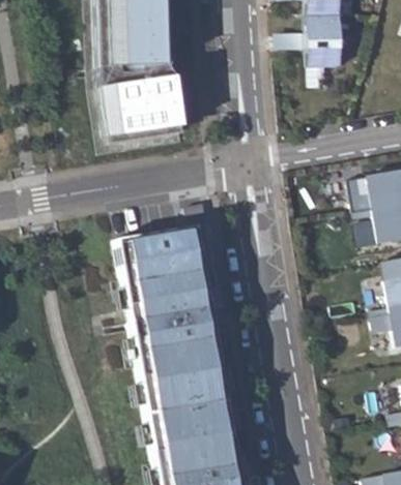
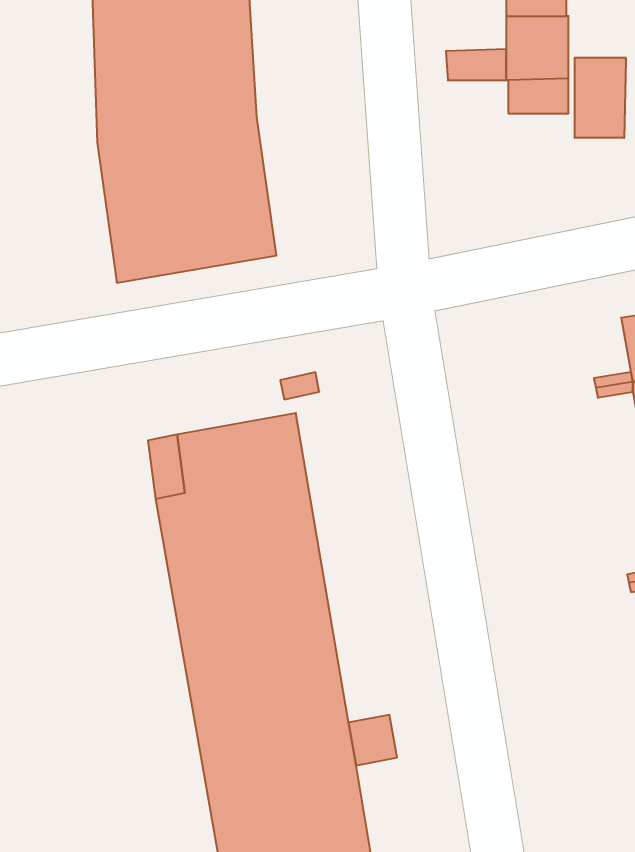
building: none -> [575,58,626,138]

